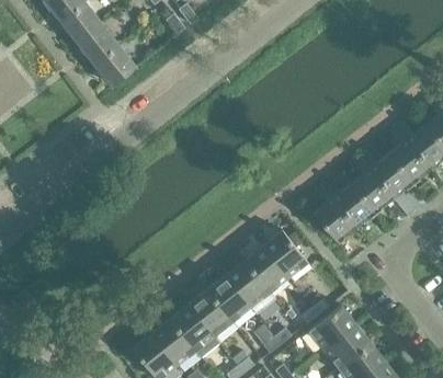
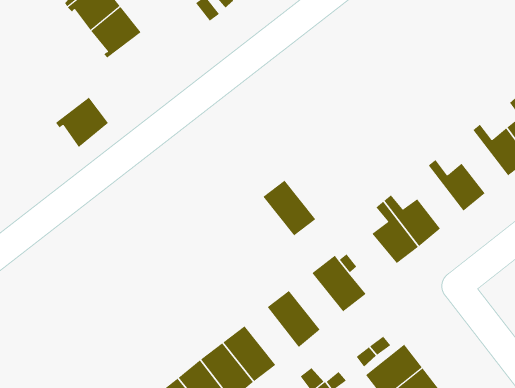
building: [92,45,137,88] -> [55,97,109,148]
building: [389,127,428,180] -> none
building: [352,157,390,209] -> none
building: [245,247,289,294] -> [263,180,316,236]
building: [207,275,252,323] -> none

